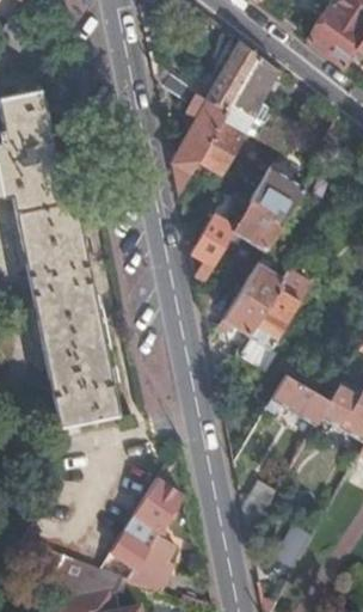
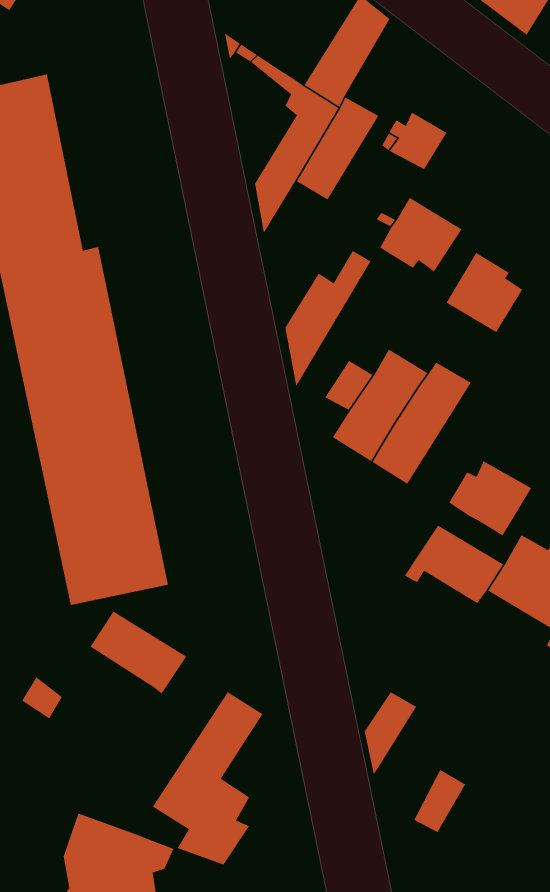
building: [232,55,281,116] -> none
building: [234,200,283,251] -> [445,252,523,333]
building: none -> [448,460,532,536]
building: none -> [89,610,187,694]

